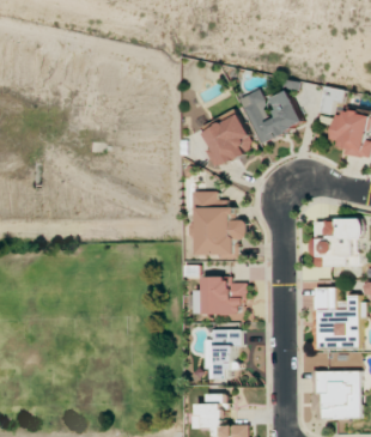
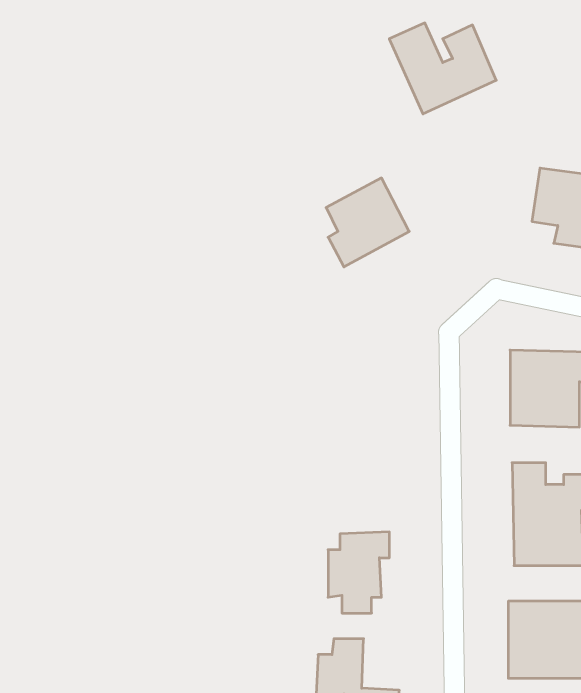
building: [238,89,303,144] -> [389,23,496,114]
building: [191,190,248,257] -> none
building: [196,277,244,315] -> none

